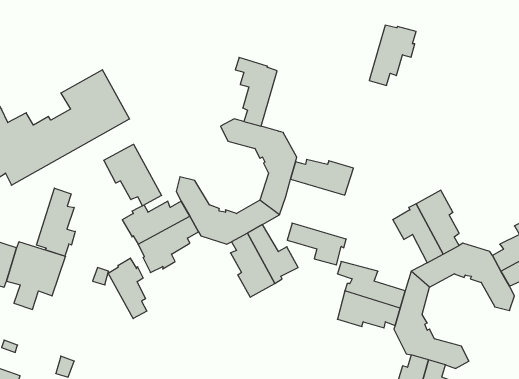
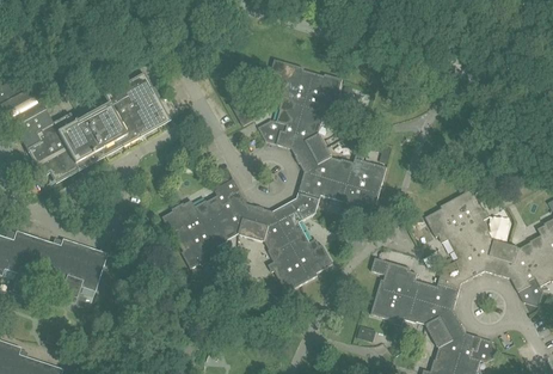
building: [369,25,416,85] -> [296,72,342,130]
building: [104,144,162,206] -> none
building: [36,188,75,256] -> none
building: [287,223,346,265] -> [320,177,377,217]
building: [108,258,147,319] -> none

